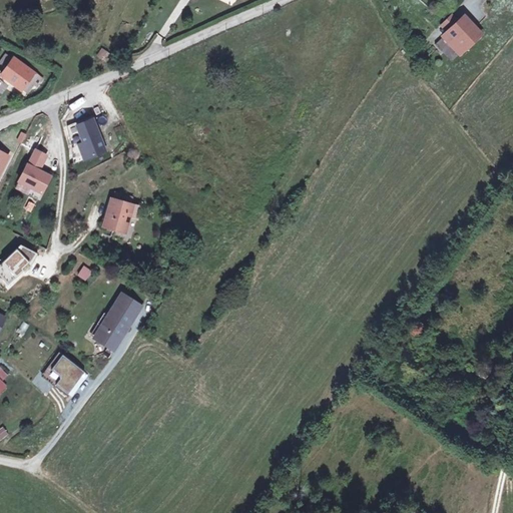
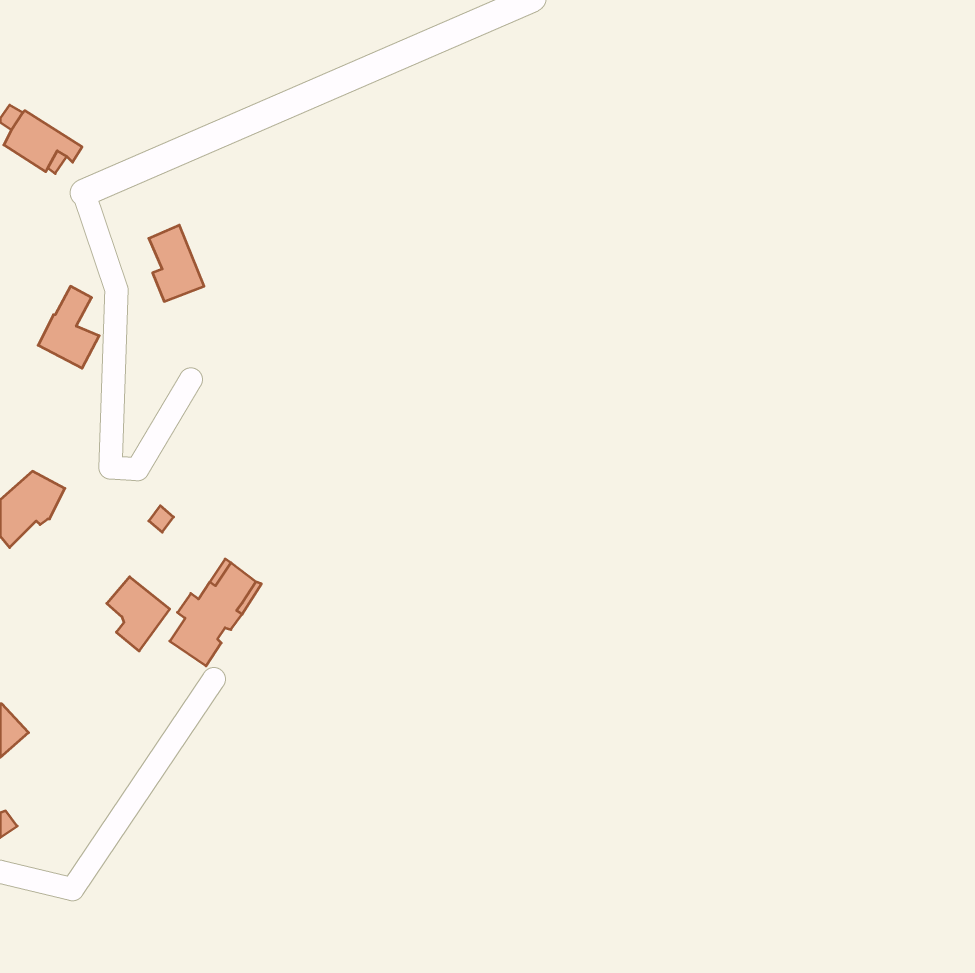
building: [434,12,484,58] -> none
building: [101,200,128,232] -> none
building: [50,354,83,393] -> [107,577,170,651]

